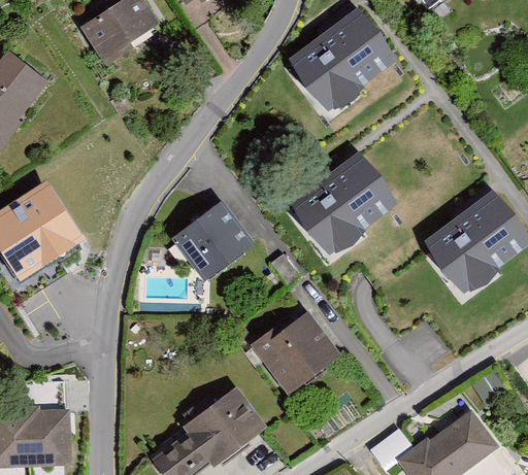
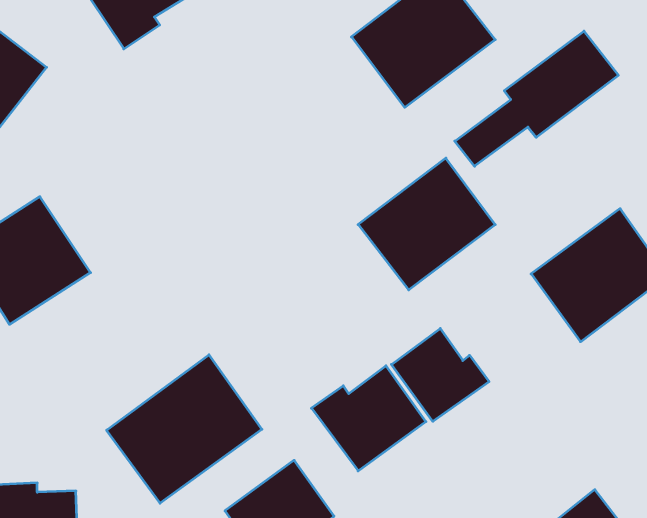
building: none -> [455,31,618,166]
building: [172,199,257,281] -> none
building: none -> [391,328,489,421]
building: none -> [107,355,262,503]

